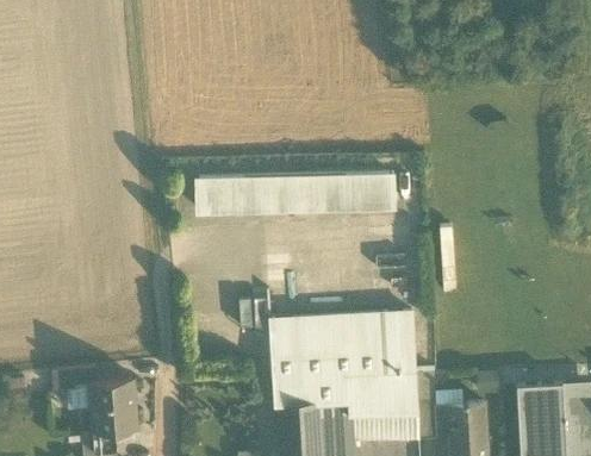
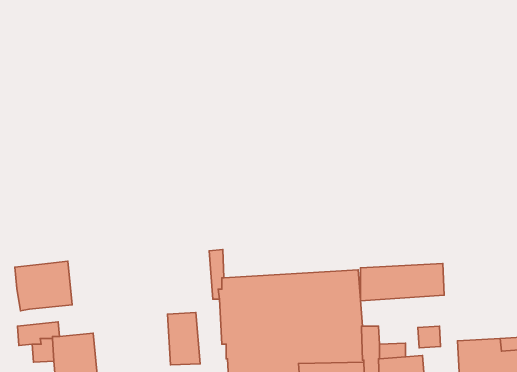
building: [203,175,396,213] -> none
building: none -> [15,261,72,311]
building: none -> [361,263,444,301]
building: none -> [168,313,200,365]

